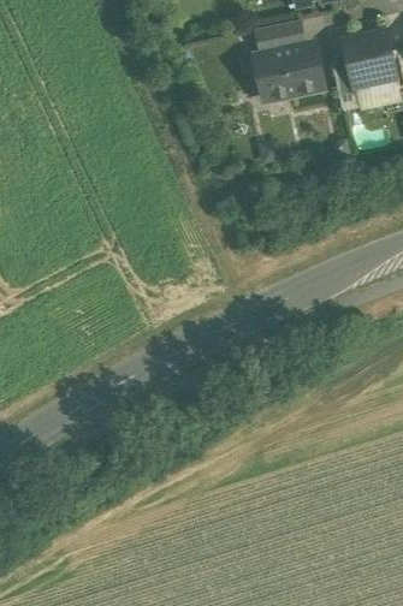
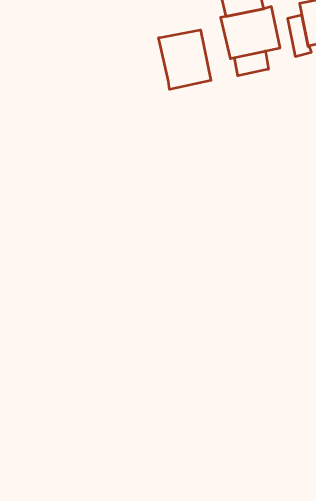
building: none -> [159,30,211,89]
building: none -> [235,51,268,76]

